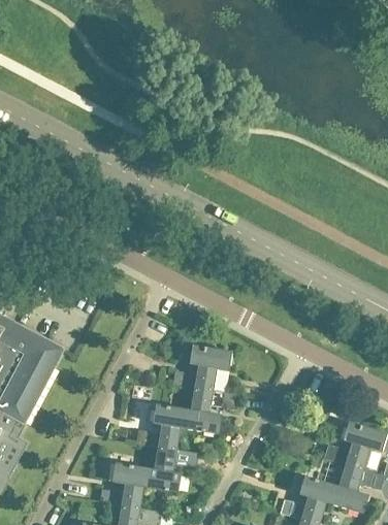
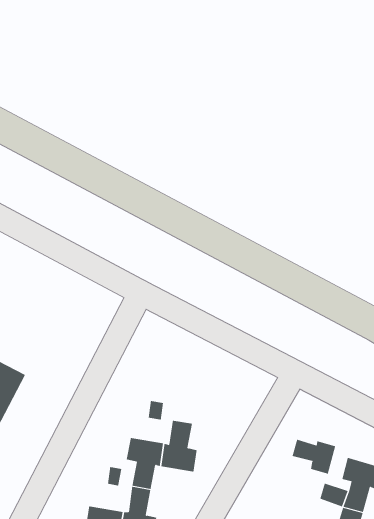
building: [189,344,230,391] -> none
building: none -> [292,439,336,474]

